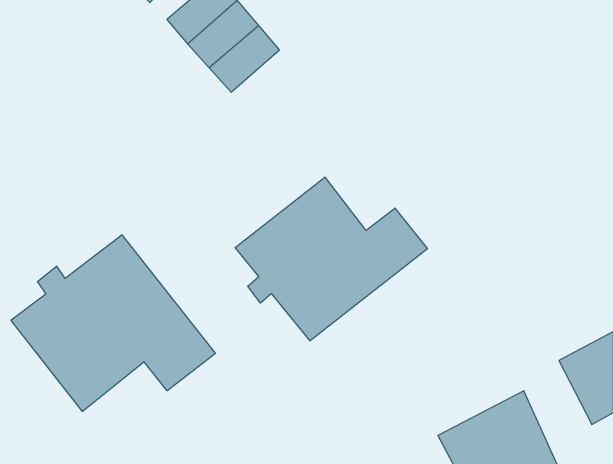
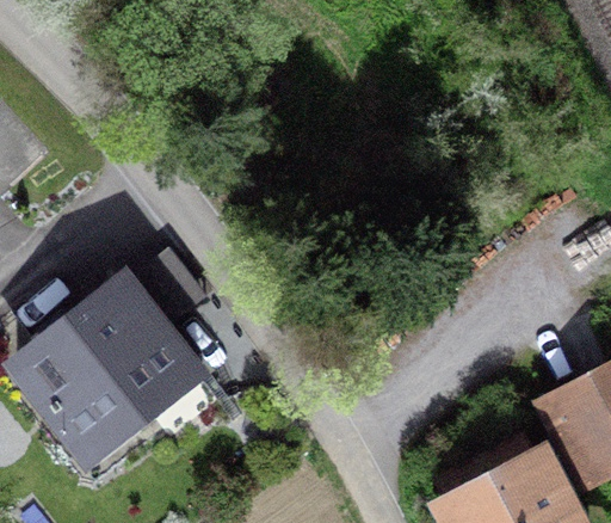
building: [235,177,427,341] -> none

